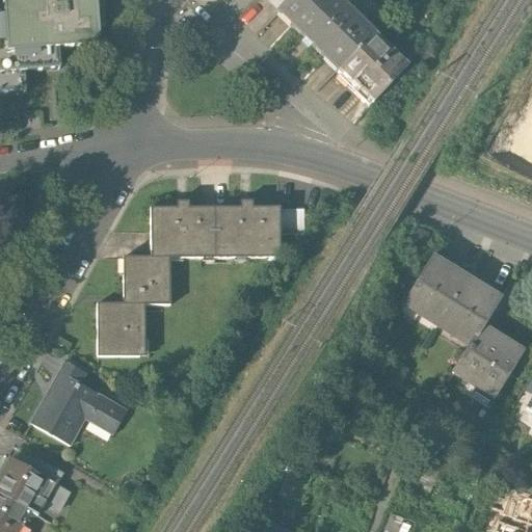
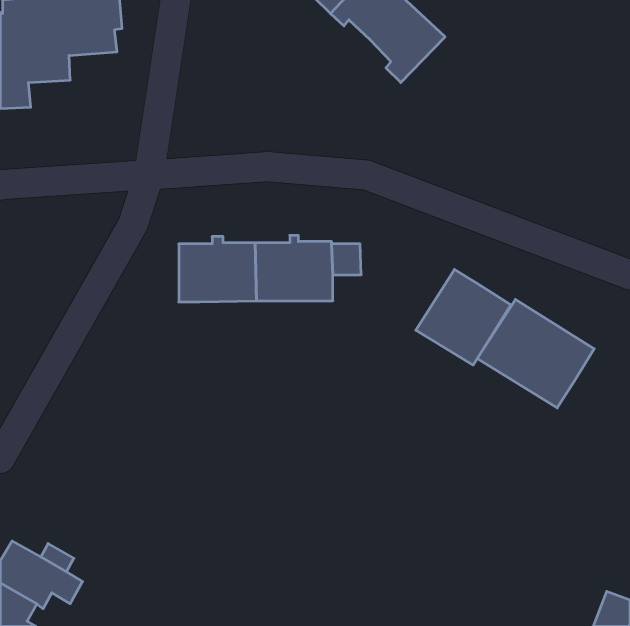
building: [338,31,408,102] -> none
building: none -> [416,269,511,365]
building: [99,255,169,353] -> none
building: [451,321,525,401] -> none
building: [30,362,126,445] -> none

